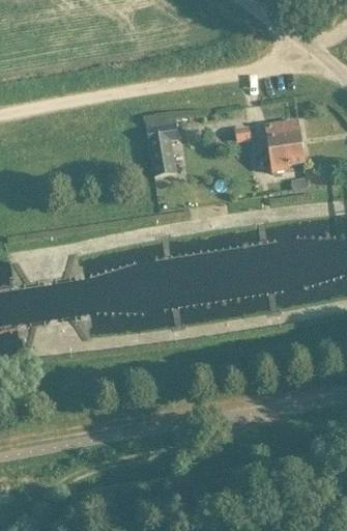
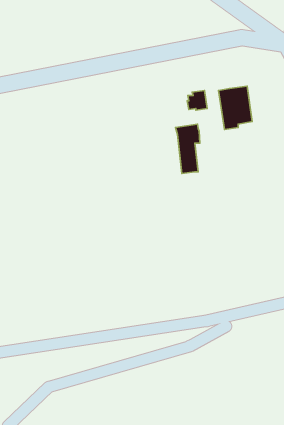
building: [147,117,176,176] -> [176,124,200,174]

